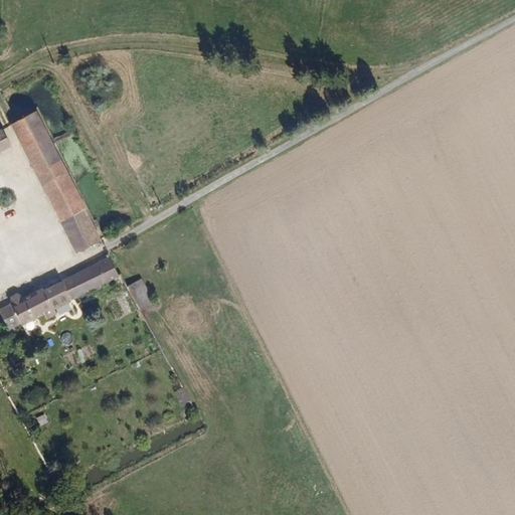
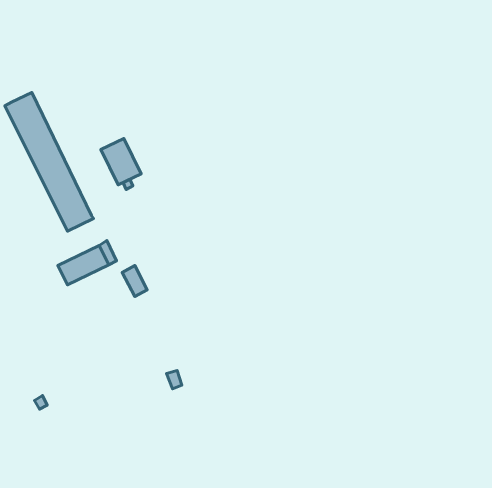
building: none -> [101,138,141,185]
building: [4,282,70,326] -> none

